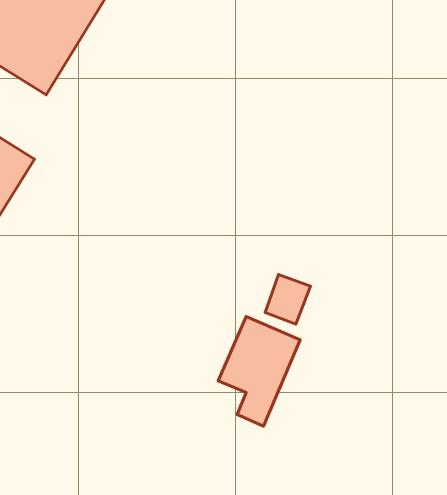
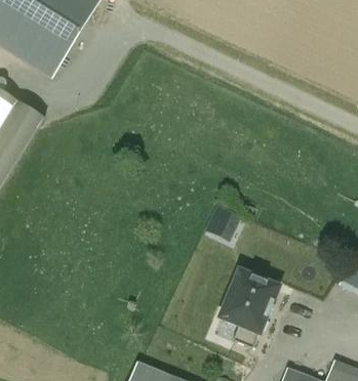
building: [218,317,300,426] -> [218,271,276,348]

